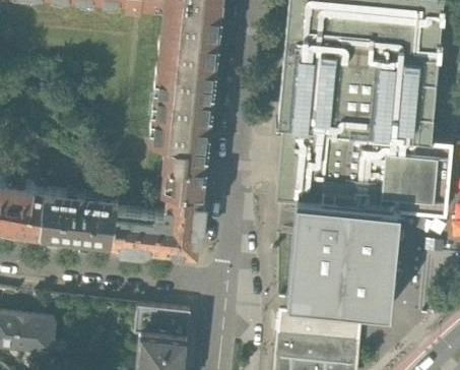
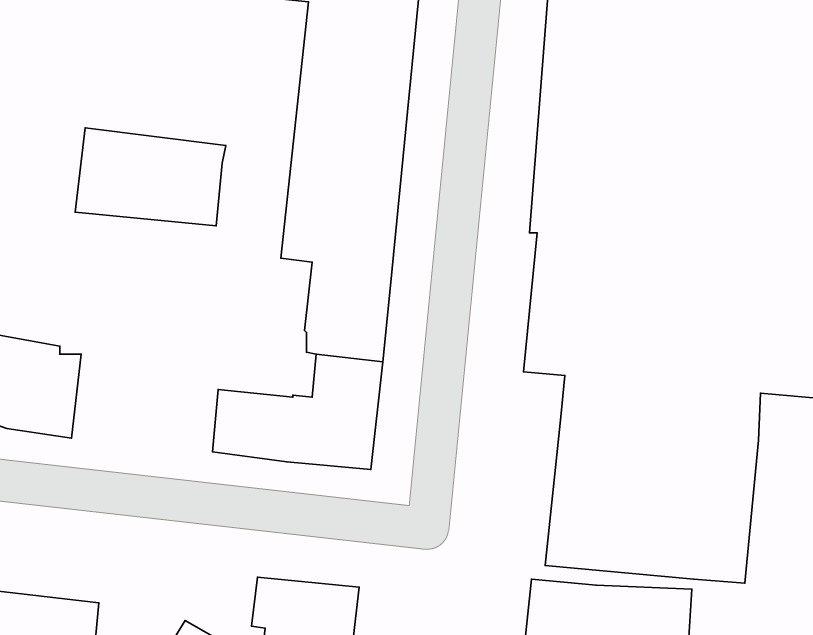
building: [42,192,120,243] -> [75,128,226,226]

